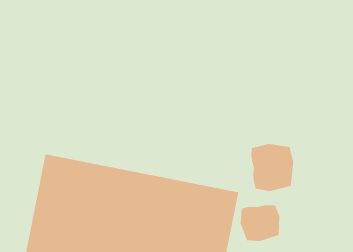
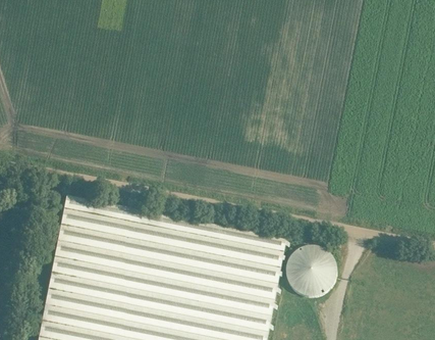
building: [251,143,294,192] -> none

